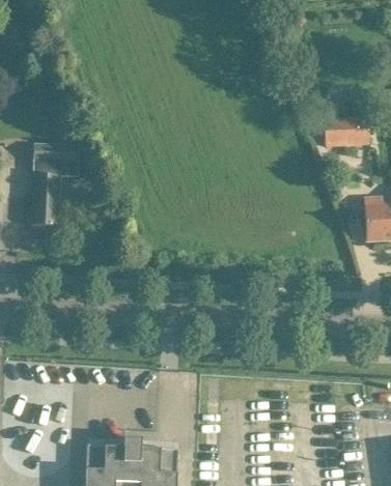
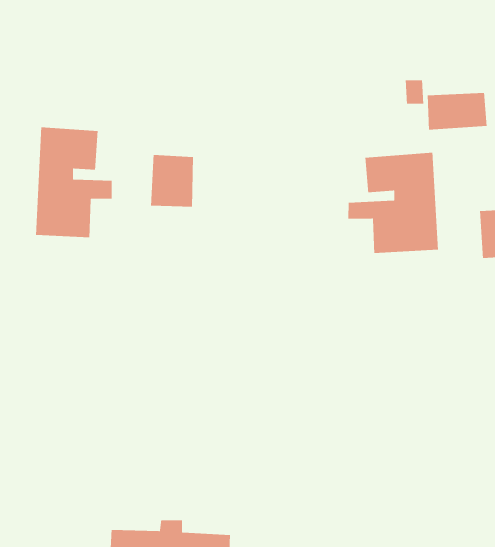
building: none -> [348,152,439,254]
building: none -> [150,154,194,207]

